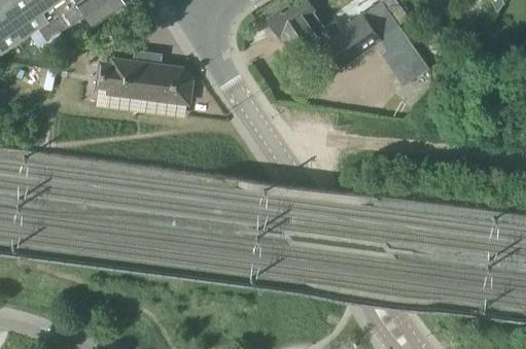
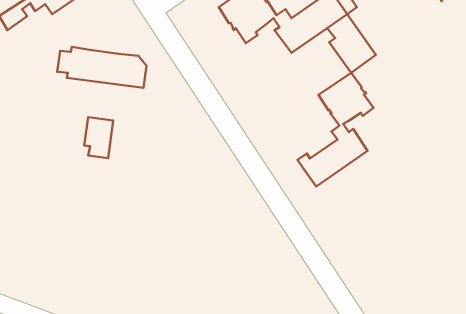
building: none -> [298,73,373,187]
building: none -> [84,117,113,158]

